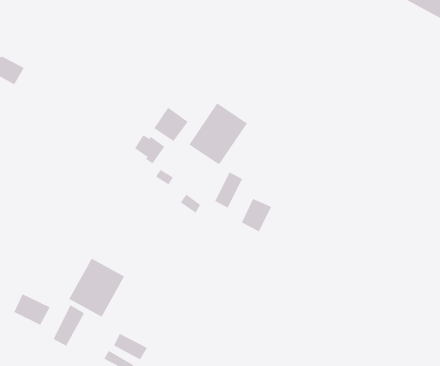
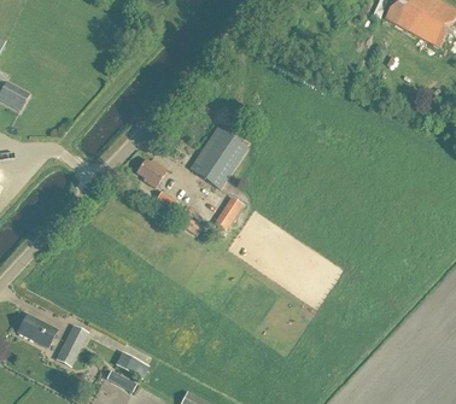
building: [154,107,189,142] -> none
building: [241,198,272,232] -> none
building: [68,258,125,318] -> none

